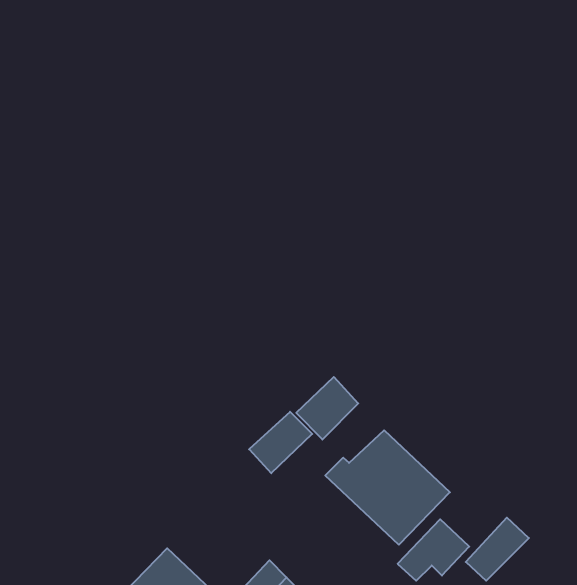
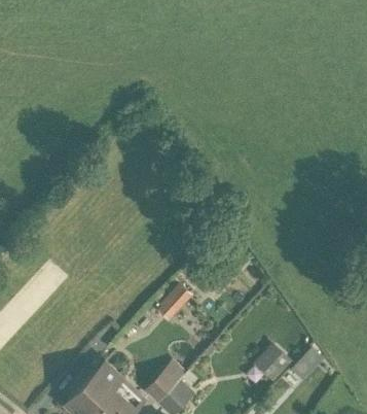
building: [296,377,358,440] -> none
building: [325,430,450,545] -> none

